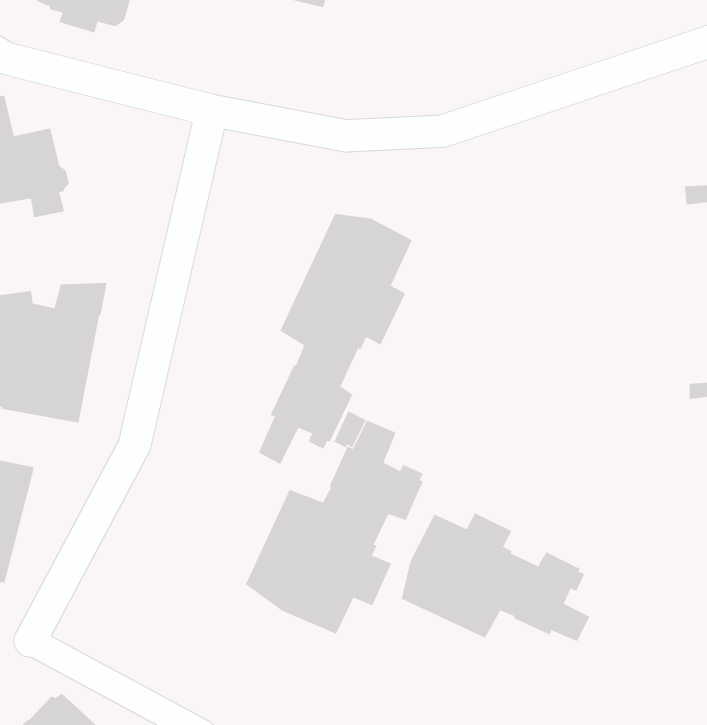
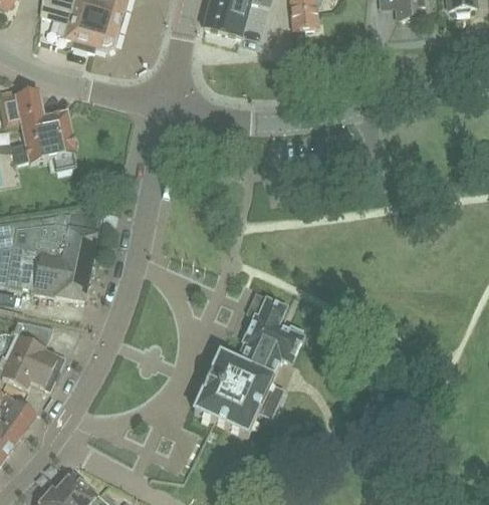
building: [258,213,413,465] -> none
building: [401,513,590,642] -> none

